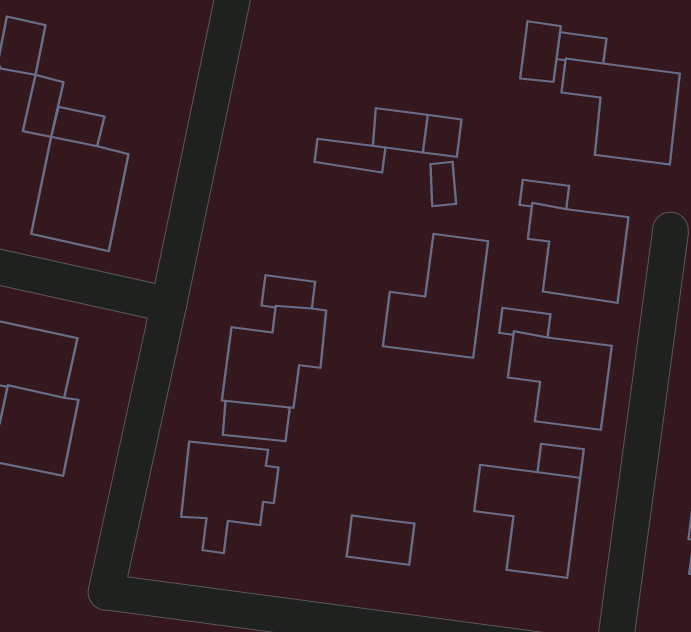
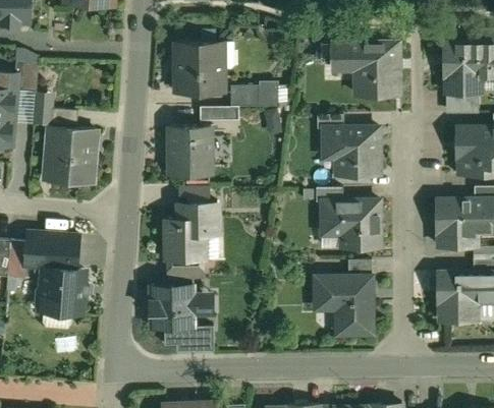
building: none -> [175,41,233,92]
building: [520,21,561,82] -> none
building: none -> [168,126,208,175]
building: [383,234,488,358] -> none
building: [347,516,414,565] -> [176,327,212,350]

